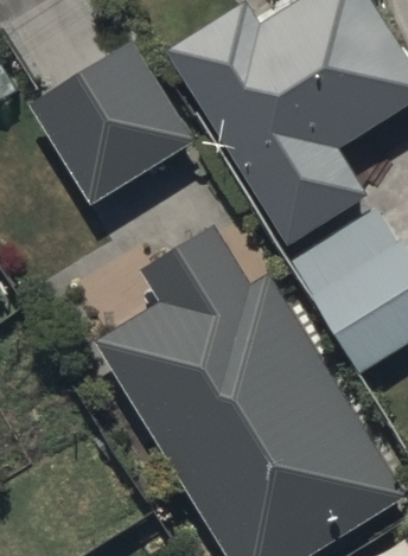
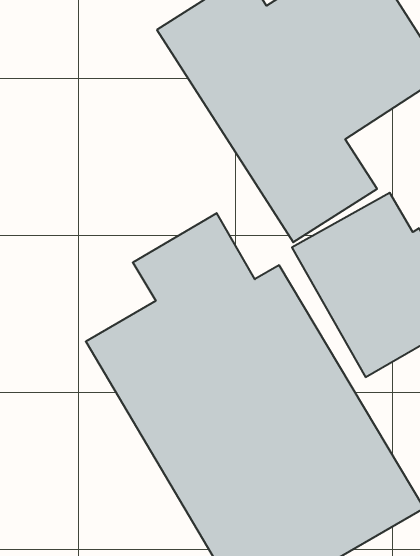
building: [31,43,192,203] -> none

